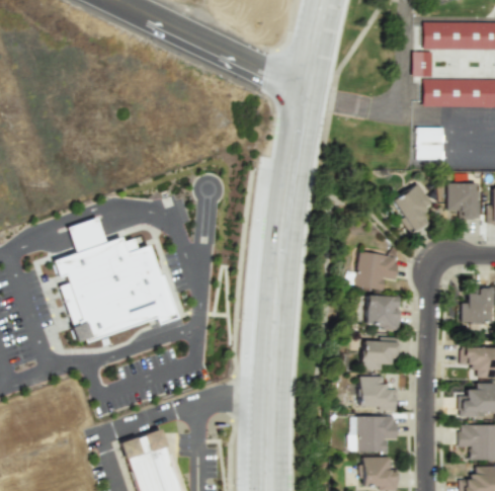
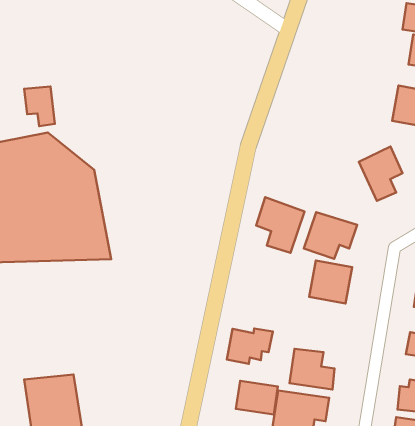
building: none -> [24,86,55,126]
building: none -> [256,197,304,253]
building: [361,338,399,371] -> [227,329,273,364]
building: none -> [236,381,278,414]

